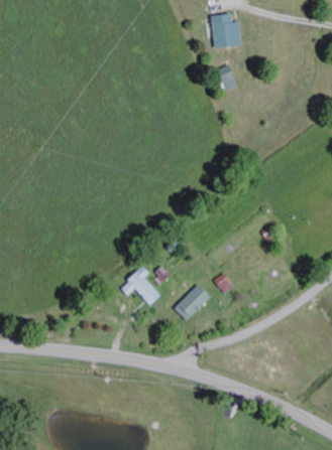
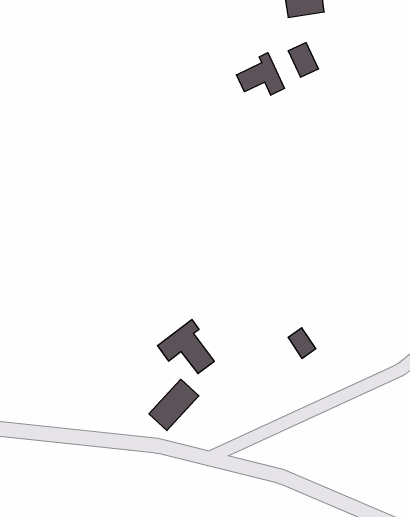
building: none -> [236,53,285,95]
building: [175,284,211,321] -> [149,379,199,431]

